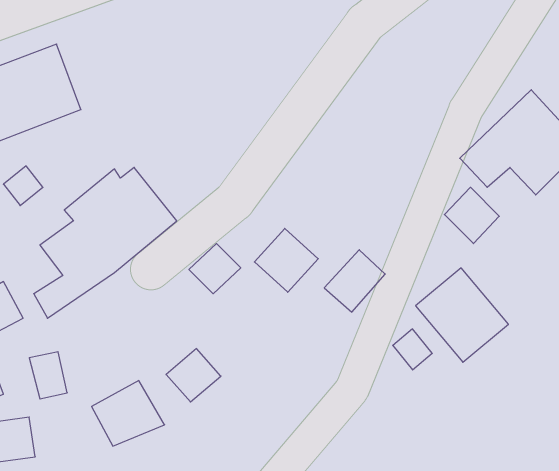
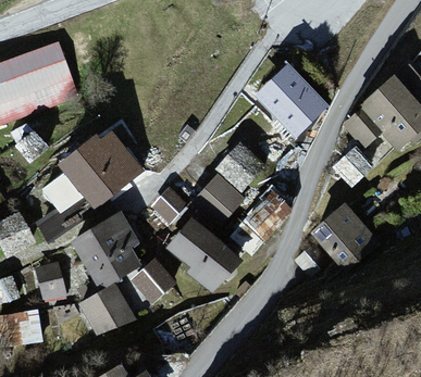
building: none -> [258,64,327,134]
building: none -> [218,144,260,187]
building: none -> [72,212,138,288]
building: none -> [169,221,238,292]

